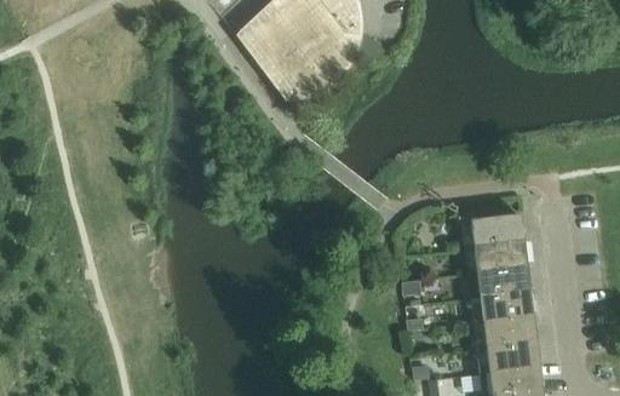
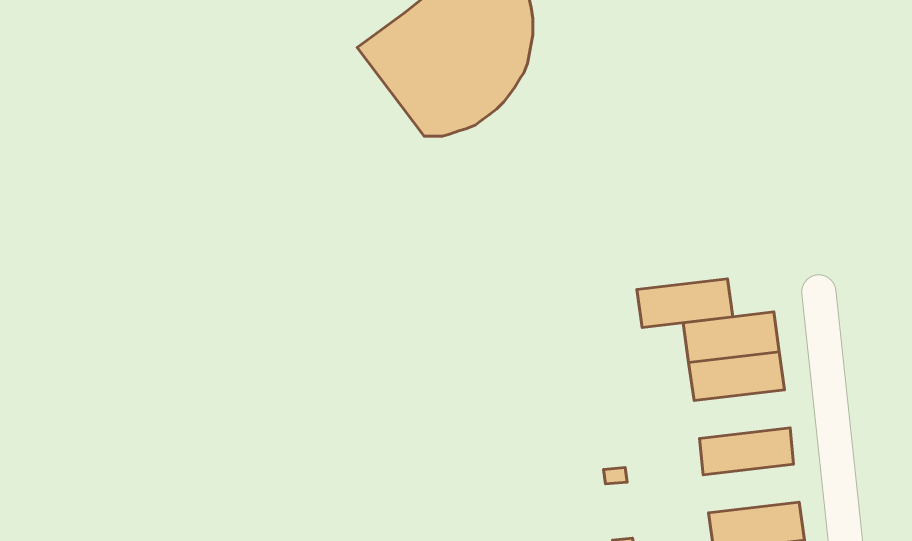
building: [466,264,530,297] -> [637,279,733,328]
building: [472,314,536,346] -> none

